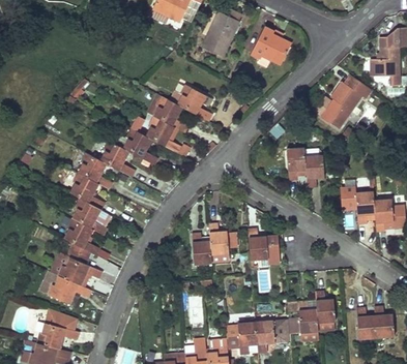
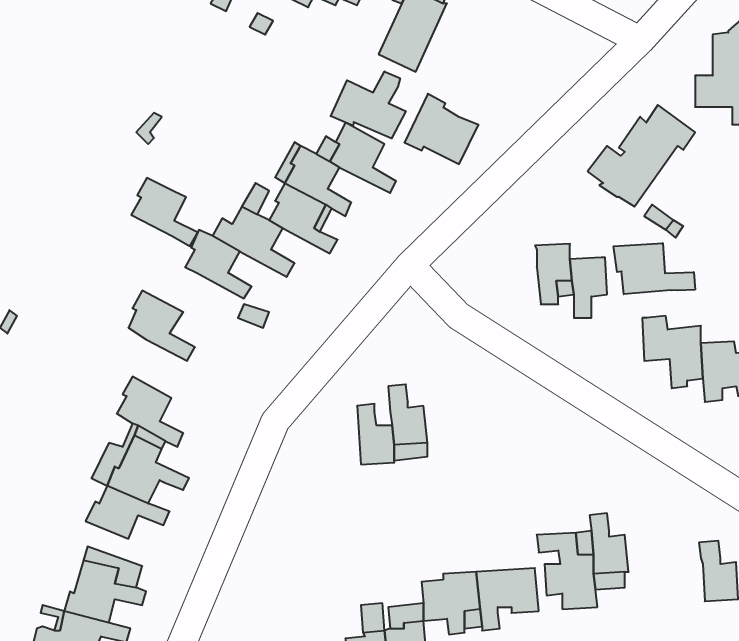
building: [252,27,291,64] -> [404,94,479,164]
building: none -> [331,71,406,138]
building: none -> [614,243,695,294]
building: [78,153,113,189] -> [131,178,198,246]
building: [72,199,108,236] -> none
building: [249,228,280,264] -> none
building: [356,307,376,339] -> none

